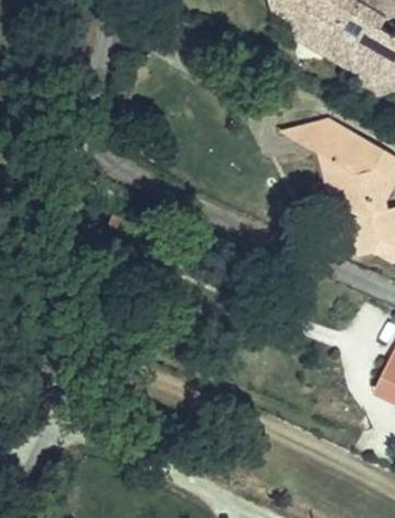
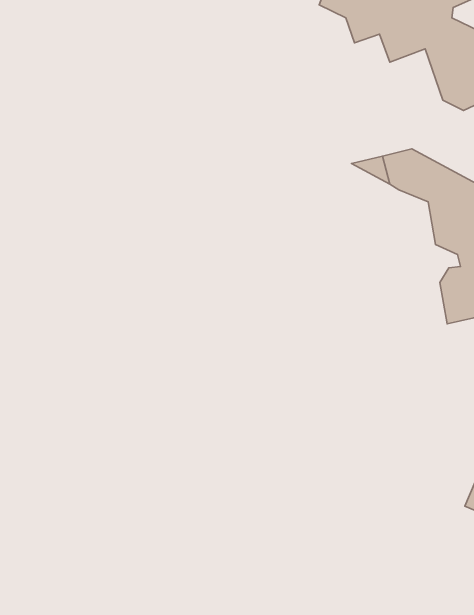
building: [329,156,375,214] -> none

